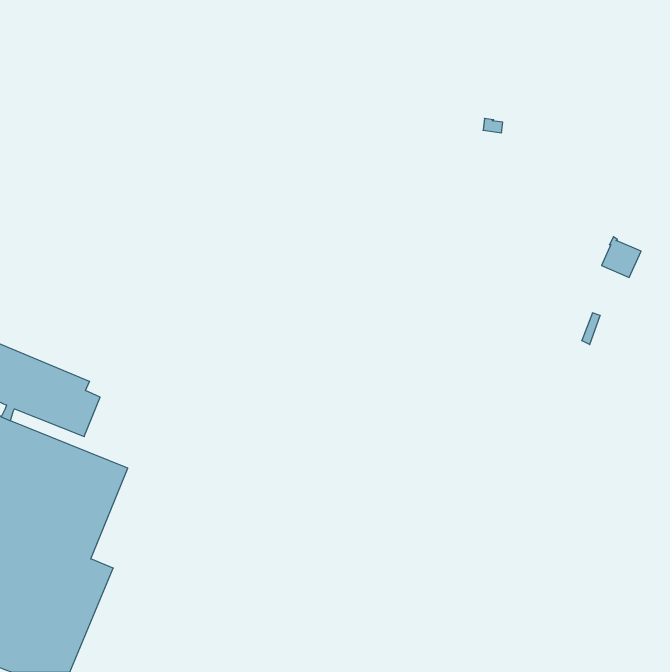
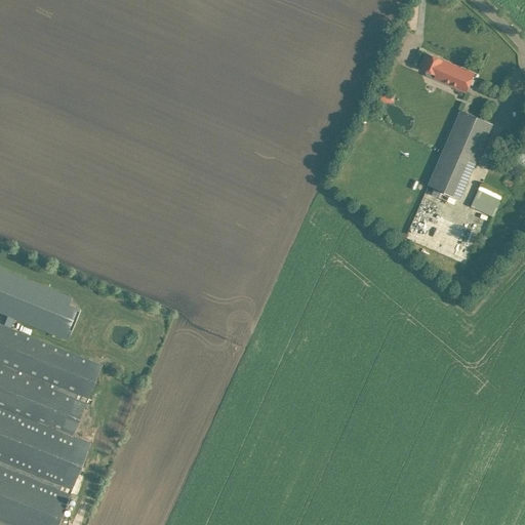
building: none -> [417,53,473,93]
building: none -> [427,111,491,200]

